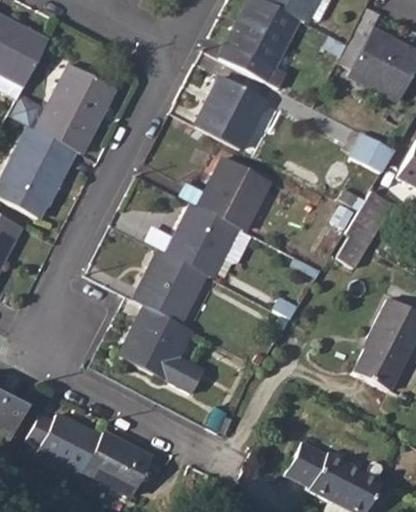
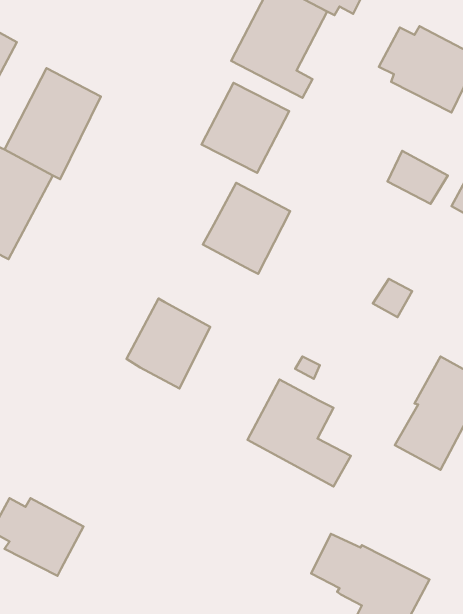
building: [346,190,393,244] -> none
building: [167,203,252,277] -> none
building: [121,306,205,393] -> [247,379,351,487]
building: [83,432,152,496] -> none

